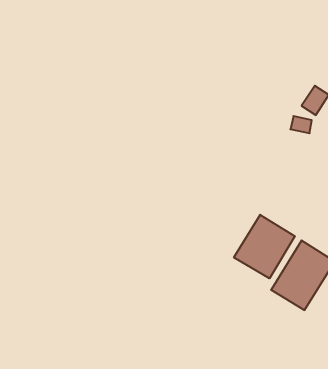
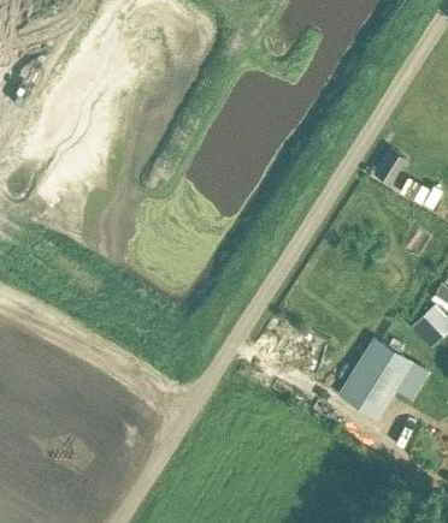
building: [234,215,295,278] -> none

